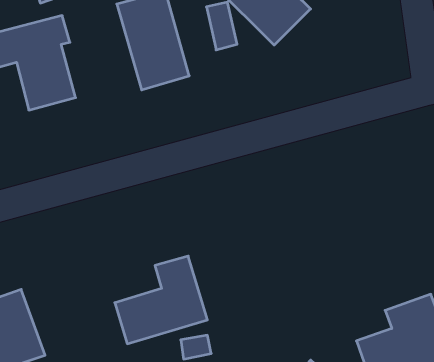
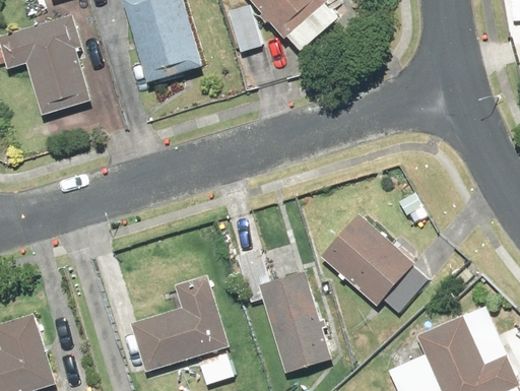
building: none -> [319,208,426,311]
building: none -> [232,239,330,372]

